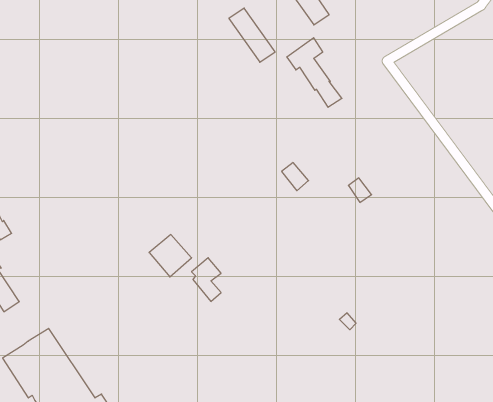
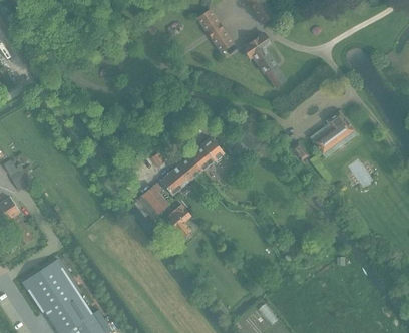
building: none -> [309,113,353,156]
building: none -> [159,137,223,196]

